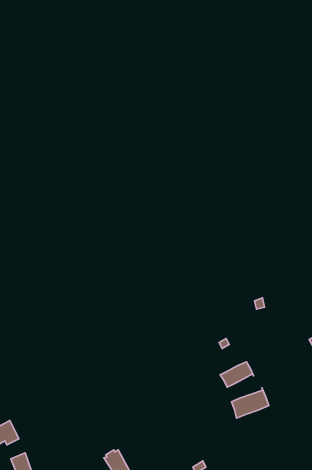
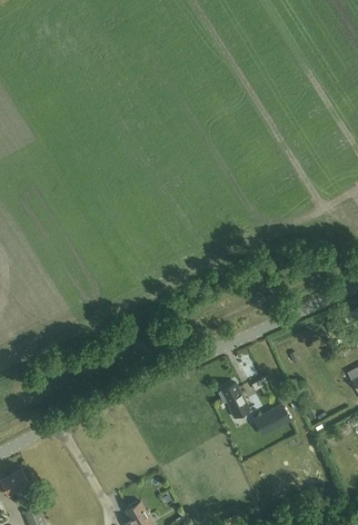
building: none -> [218,383,249,418]
building: [231,388,269,418] -> none

